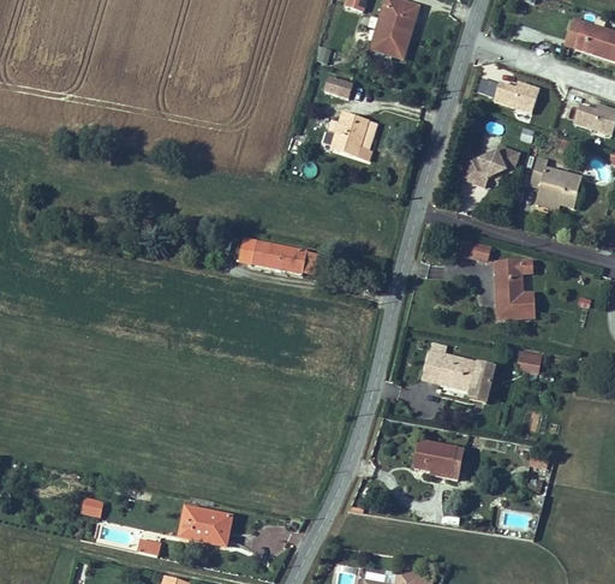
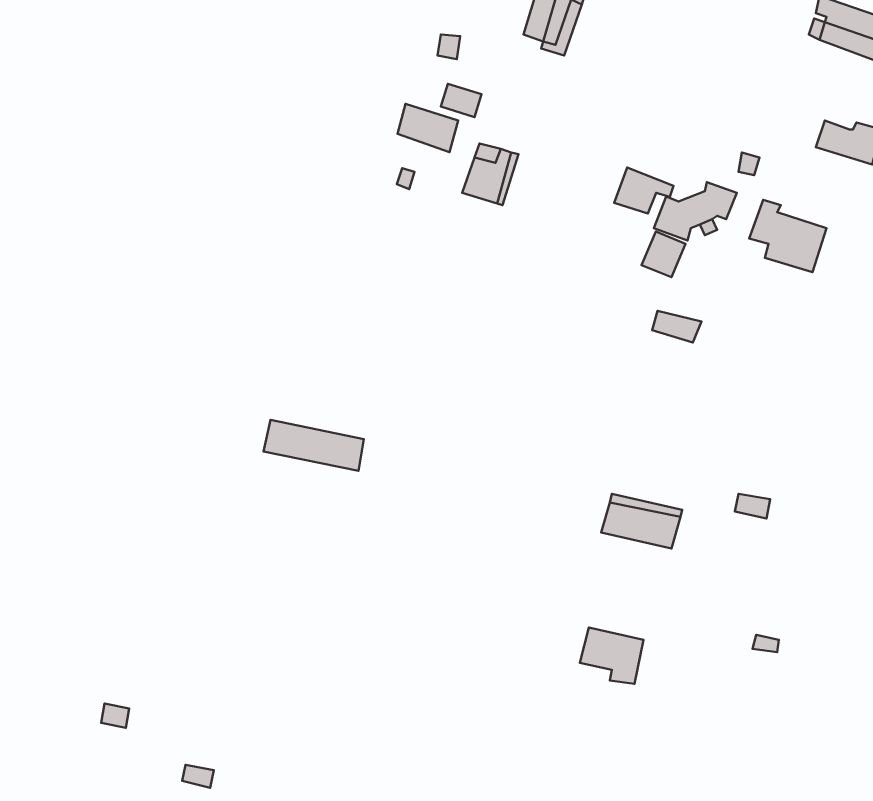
building: [495,79,541,109] -> none
building: none -> [397,104,458,152]
building: none -> [614,168,674,213]
building: [238,243,306,278] -> [264,420,364,471]
building: [491,261,531,318] -> none
building: [183,507,233,547] -> none

